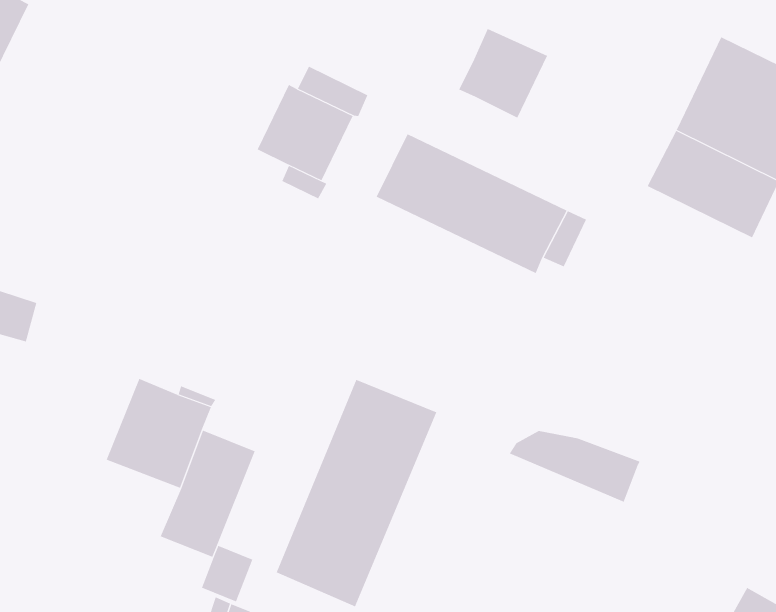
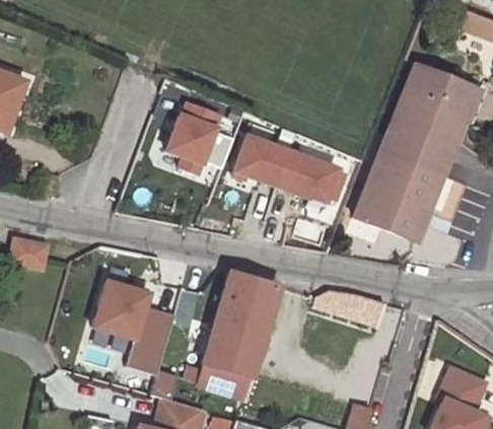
building: [458,28,548,119] -> none
building: none -> [354,151,440,239]

